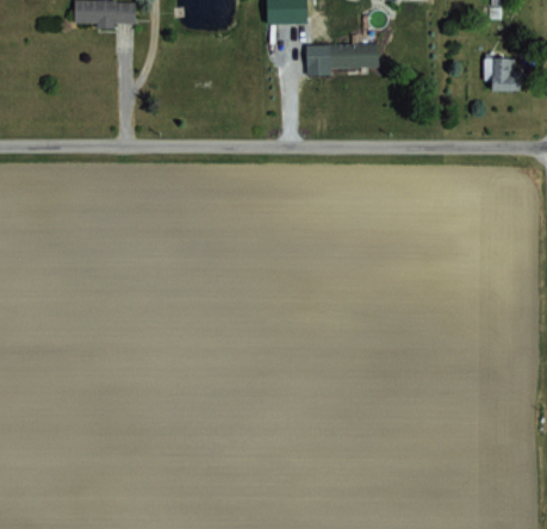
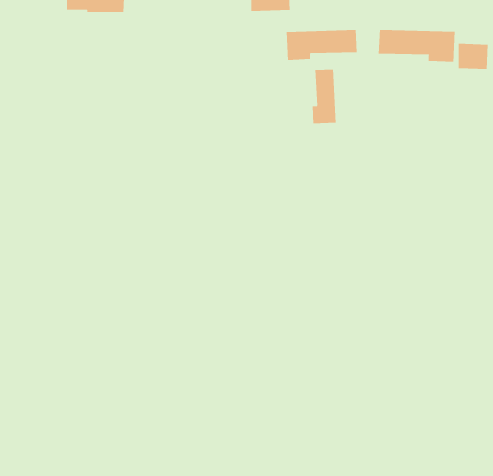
building: none -> [378,29,455,63]
building: none -> [312,69,336,124]

